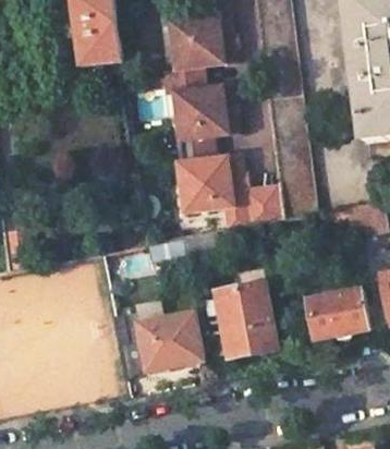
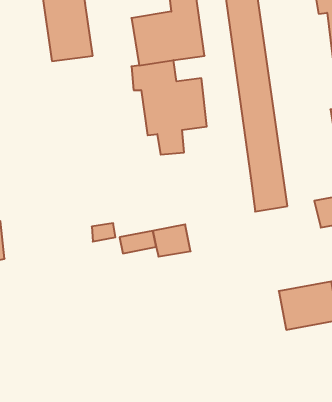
building: [172,155,284,230] -> none
building: [215,281,276,355] -> none
building: [136,313,202,371] -> none

